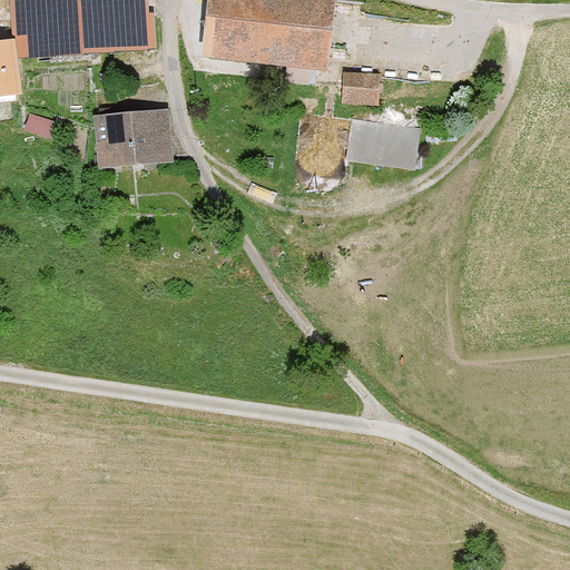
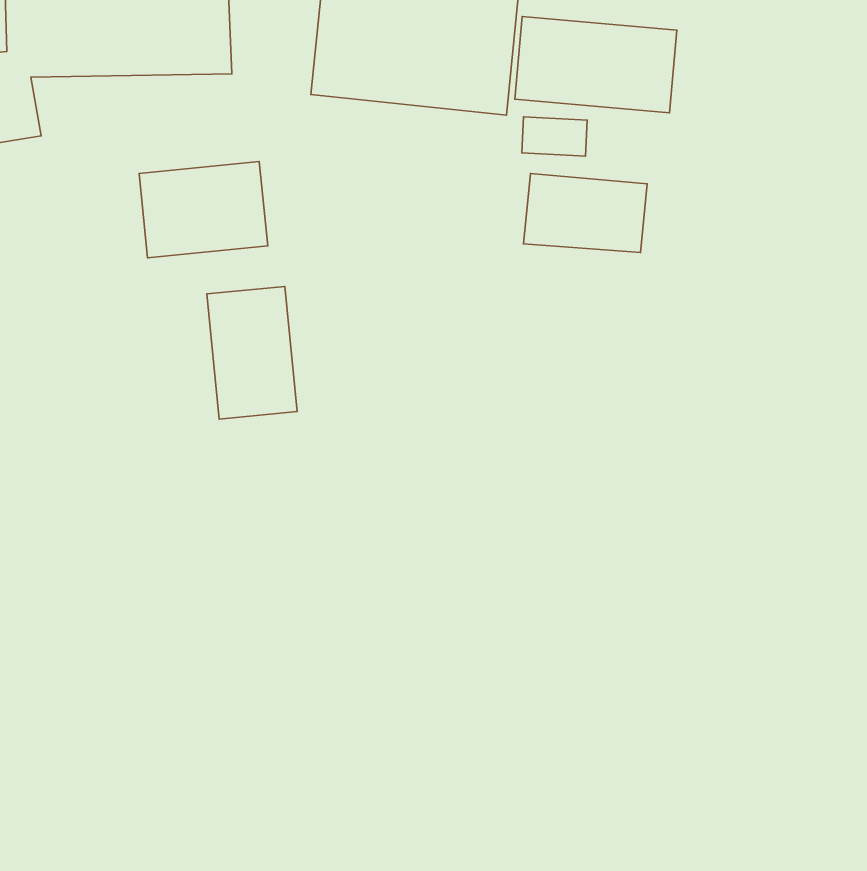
building: none -> [515,17,677,113]
building: none -> [207,286,297,419]

